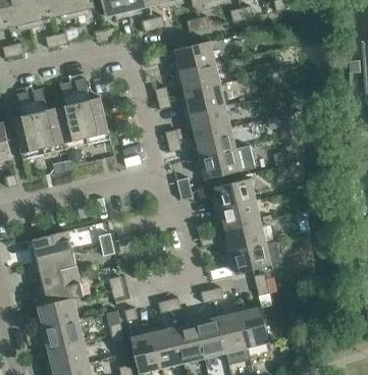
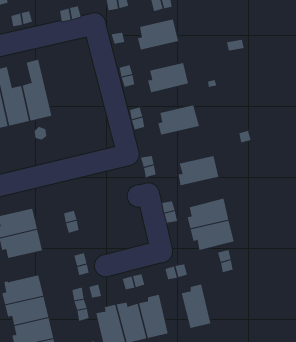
building: [175,62,219,92] -> none
building: [73,77,108,138] -> none
building: [186,105,229,135] -> none
building: [196,148,241,178] -> none
building: [215,199,260,229] -> none
building: [40,273,83,305] -> none
building: [238,304,269,346] -> none
building: [195,314,225,357] -> none

